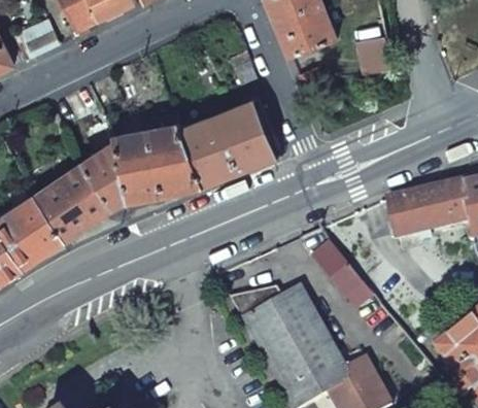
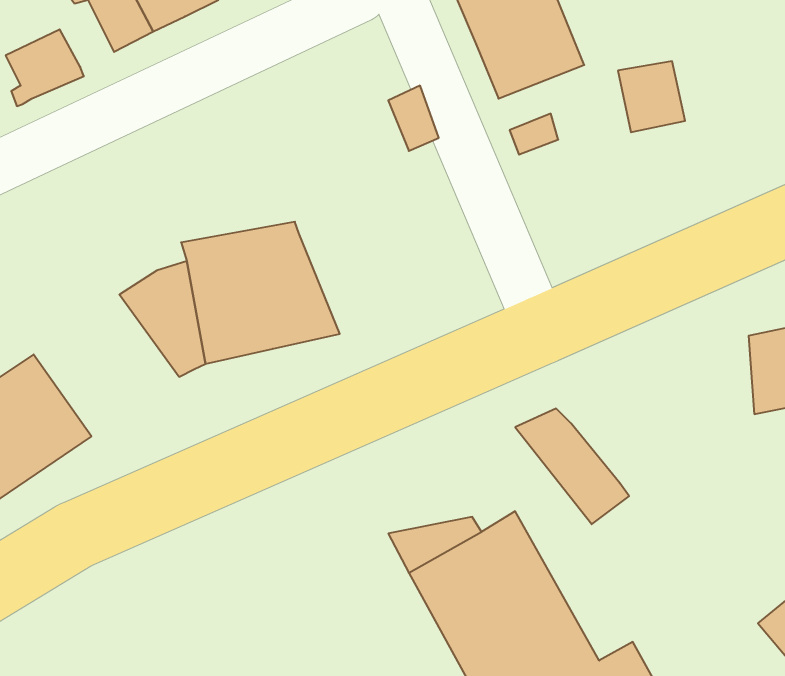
building: [180,97,283,185] -> none
building: [34,164,114,242] -> none
building: [388,186,432,237] -> none

